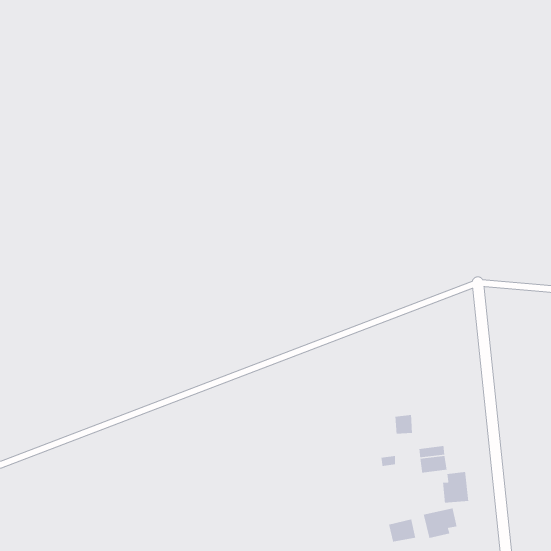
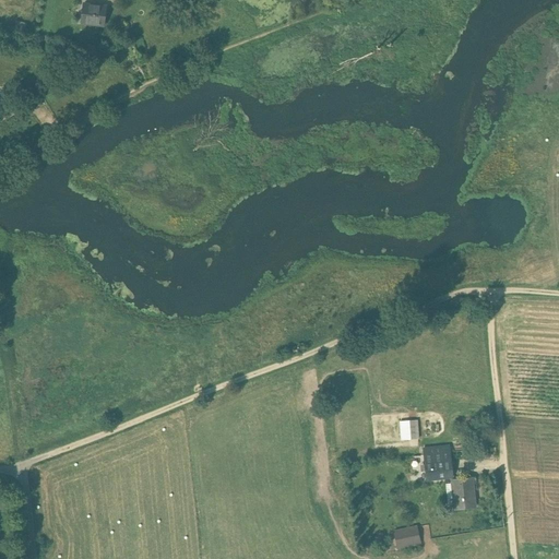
building: none -> [82,4,106,26]
building: [423,507,457,539] -> none

